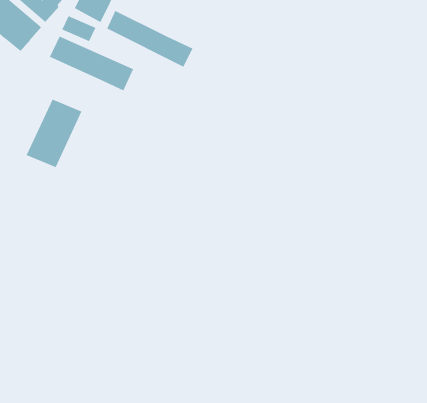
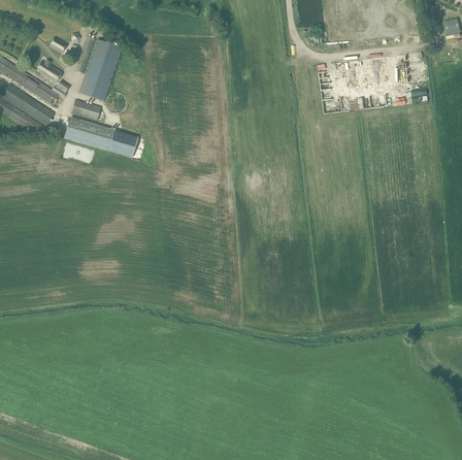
building: [106,10,194,68] -> none
building: [26,99,82,168] -> none

